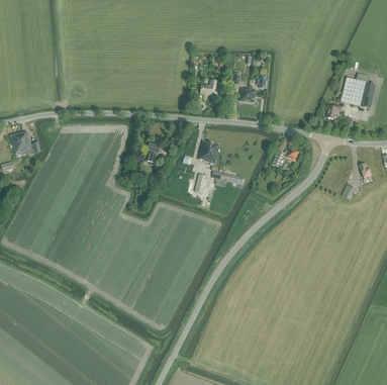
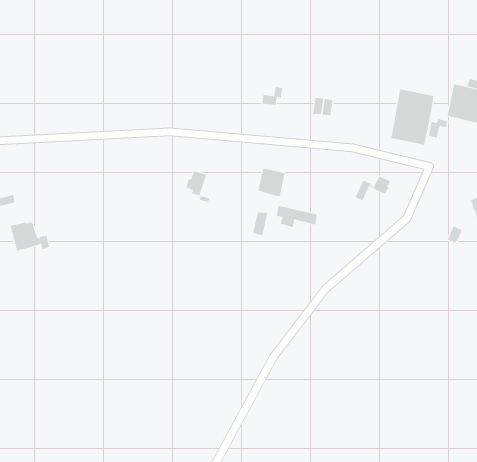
building: none -> [391,89,434,145]
building: [10,132,40,155] -> [10,222,50,251]

